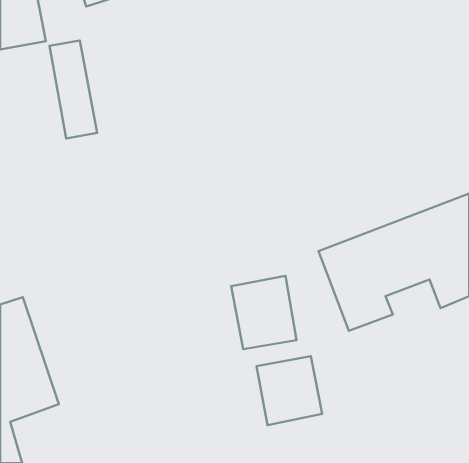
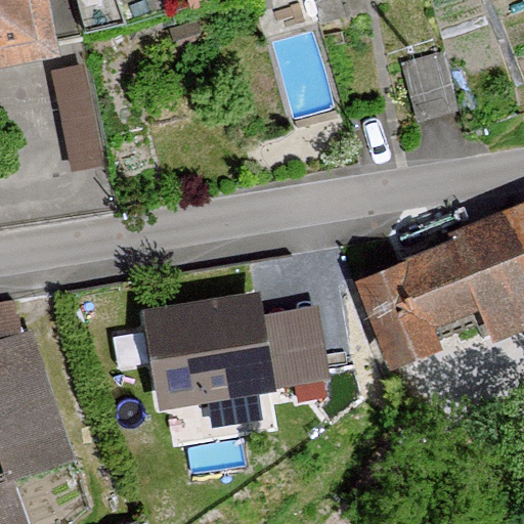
building: none -> [143,297,271,409]
building: [257,356,322,425] -> none

